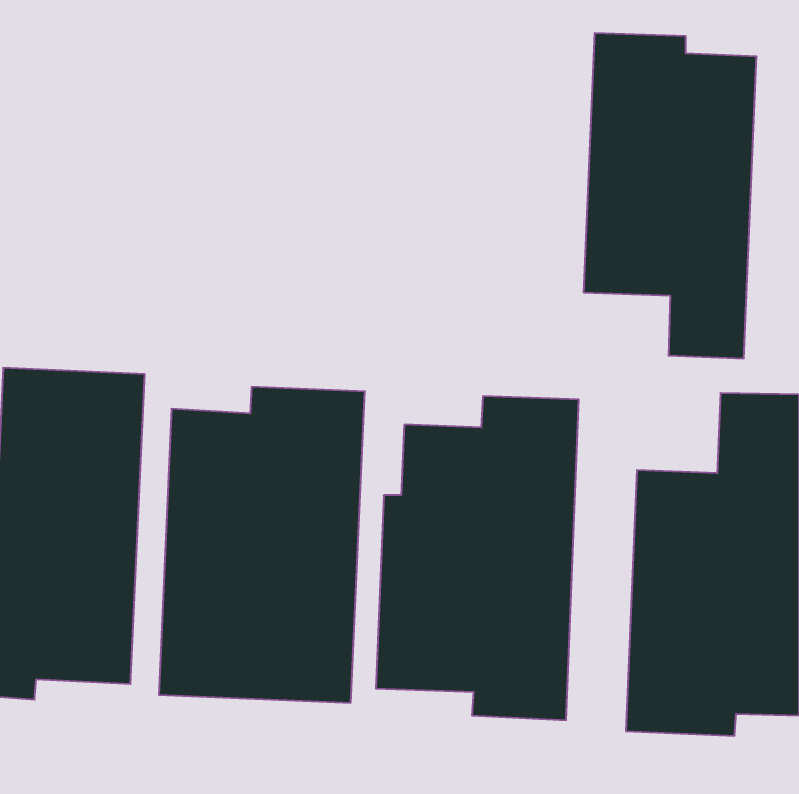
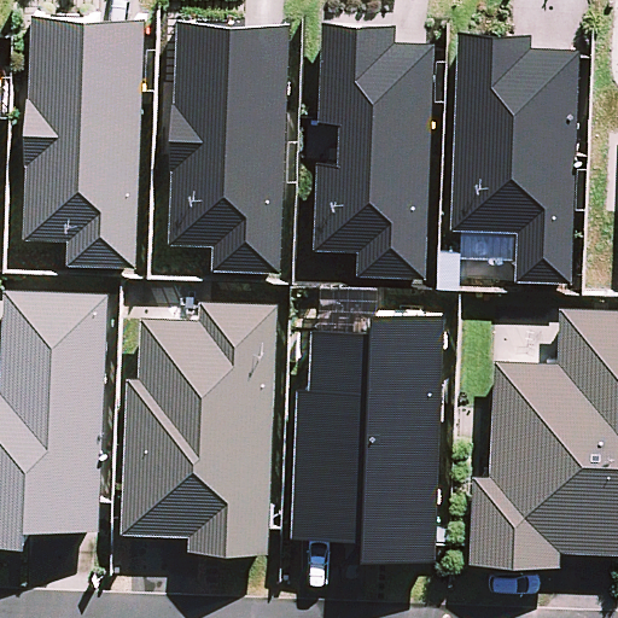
building: none -> [22,17,145,269]
building: none -> [164,19,291,274]
building: none -> [310,21,436,278]

